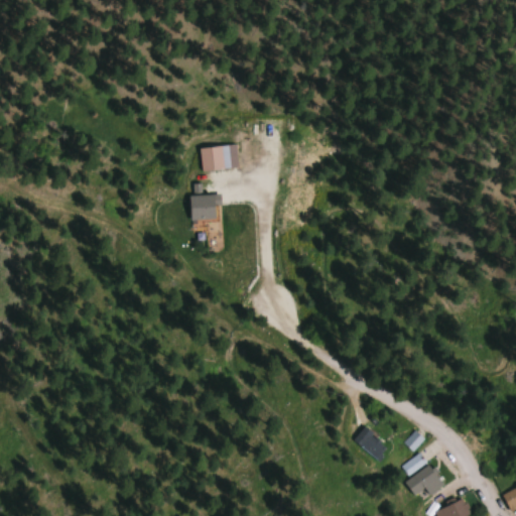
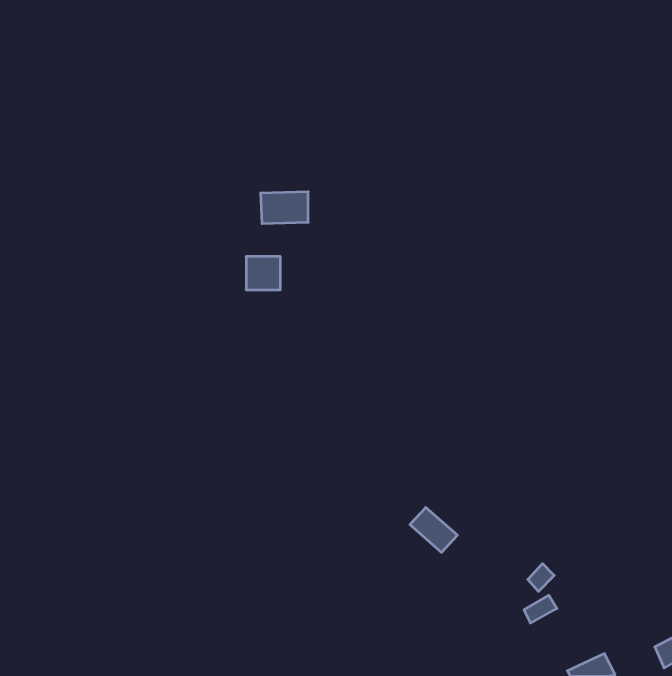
building: [354,426,390,461] -> [410,507,457,552]
building: [406,465,443,495] -> none

